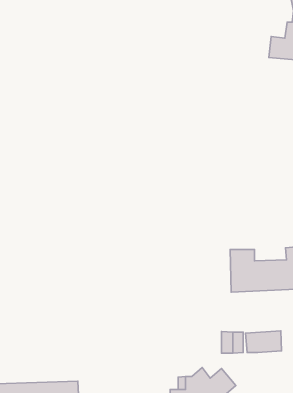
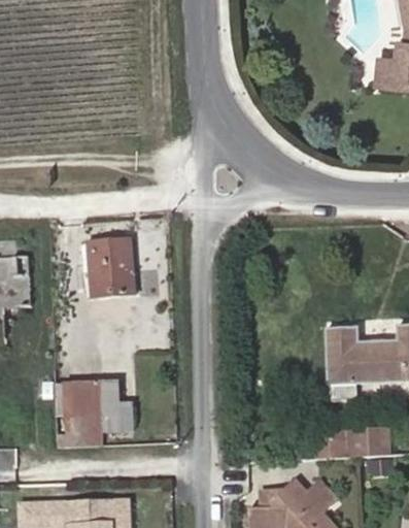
building: none -> [88,239,134,298]
building: none -> [68,378,138,431]

